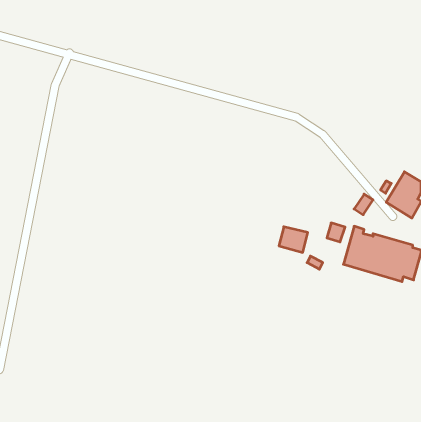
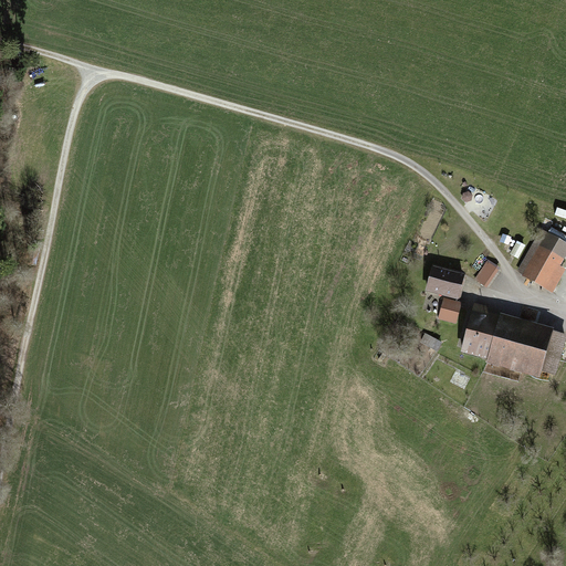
building: [279,227,308,252] -> [426,265,464,300]

